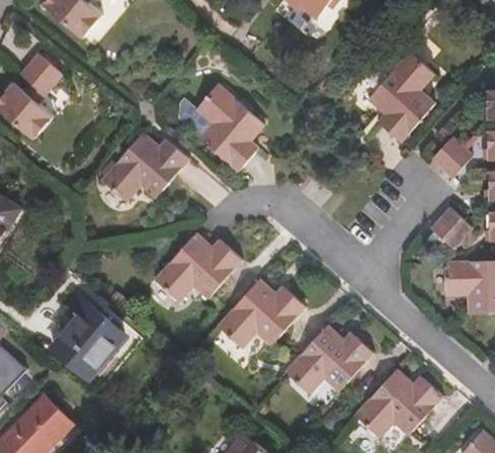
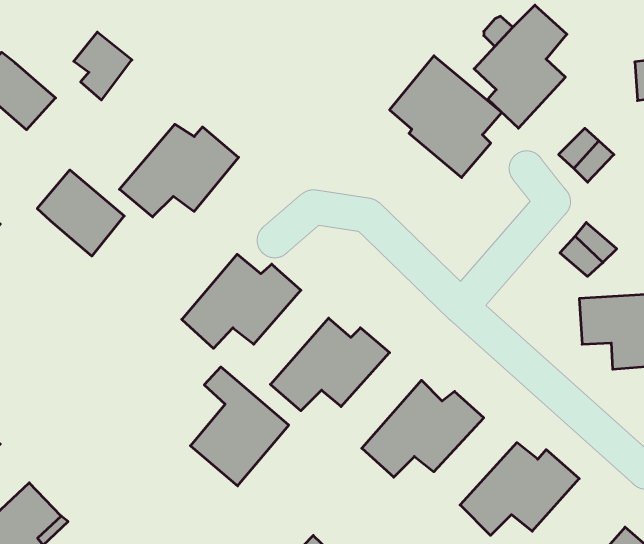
building: [26,56,69,105] -> [74,32,132,100]
building: [189,82,271,171] -> [390,56,502,178]
building: none -> [37,170,124,256]
building: [55,293,127,380] -> [190,367,289,486]

